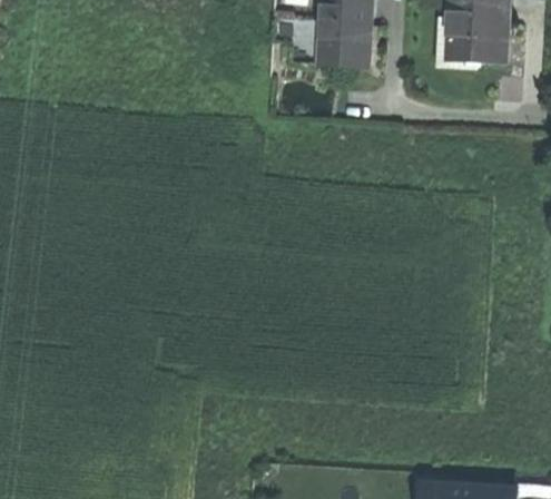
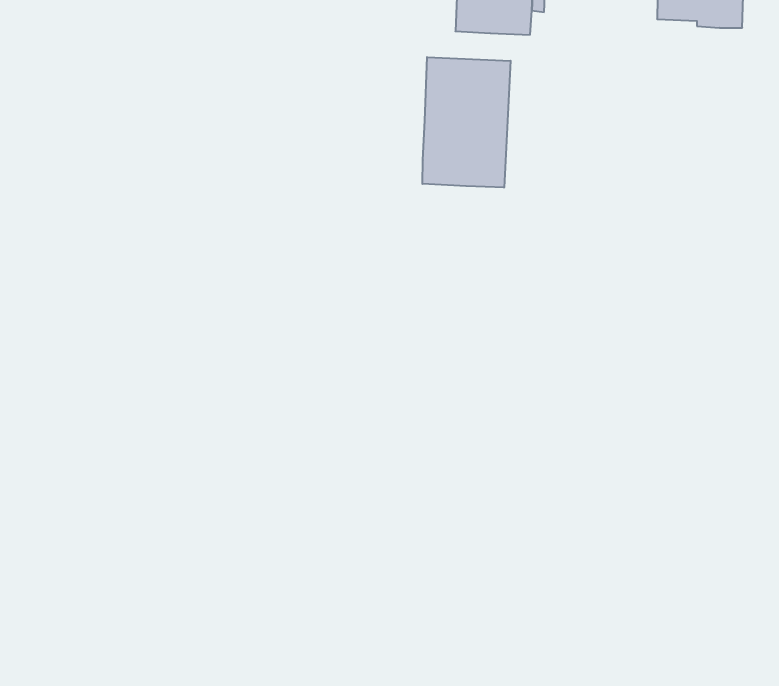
building: none -> [422,57,511,188]

